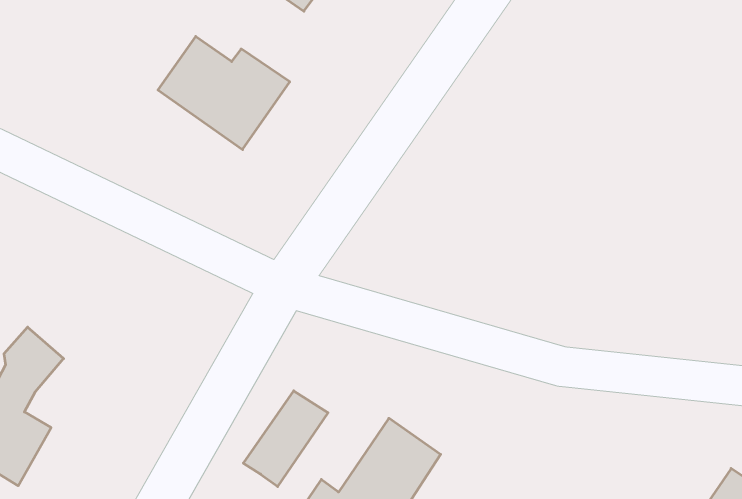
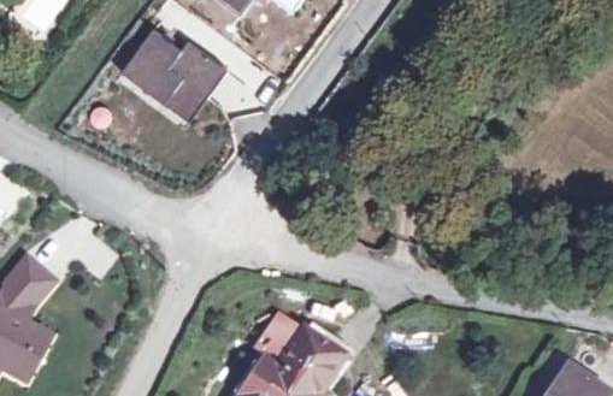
building: [243,391,328,487] -> [238,311,303,384]

